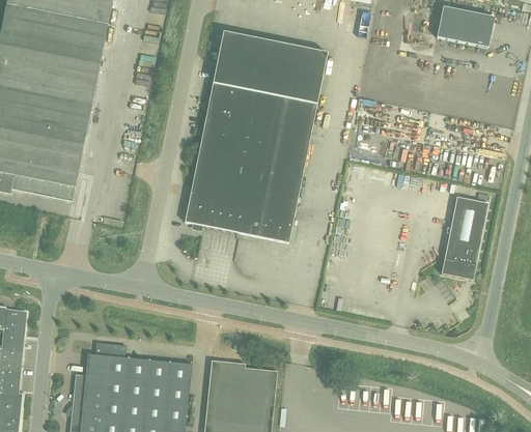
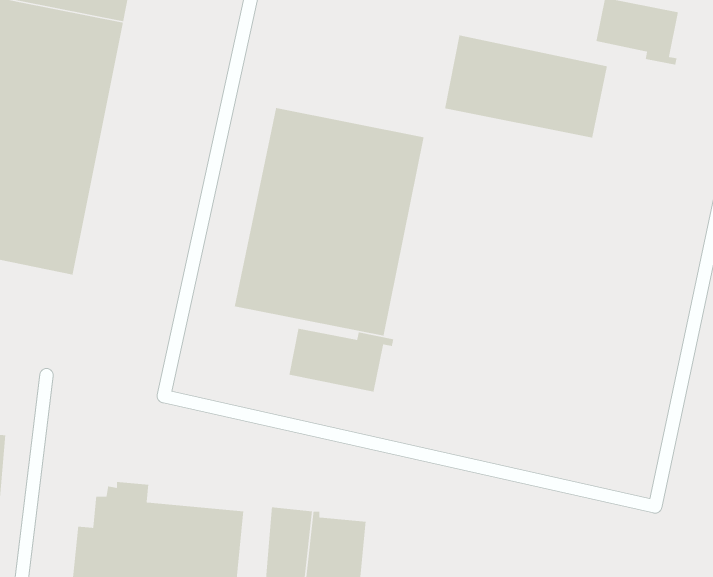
building: [214,31,328,104] -> [444,34,608,139]
building: [442,197,488,280] -> none
building: none -> [288,328,394,393]

